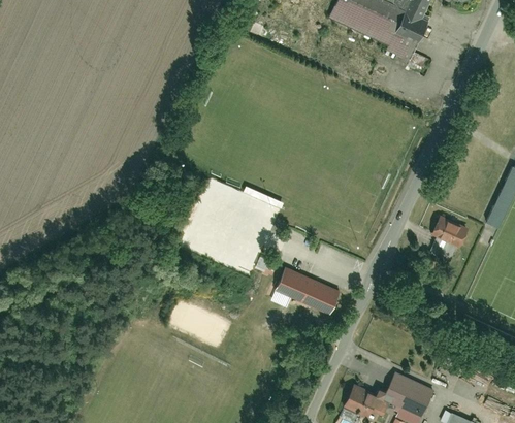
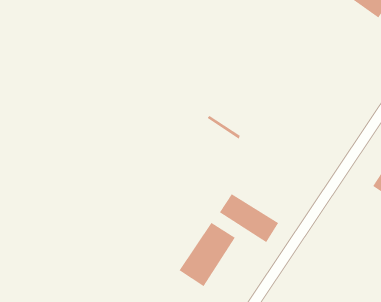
building: none -> [178,222,236,287]

